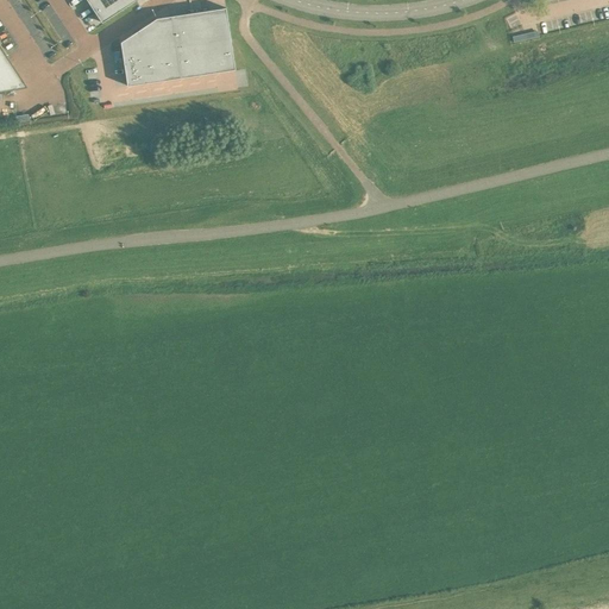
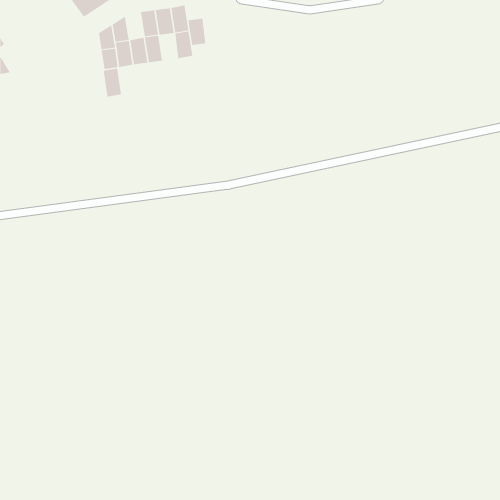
building: [152,14,175,49] -> none
building: [193,40,215,74] -> [188,18,206,46]
building: none -> [103,68,121,97]

